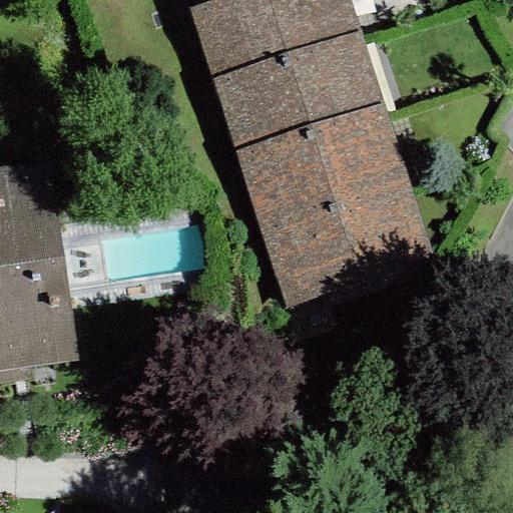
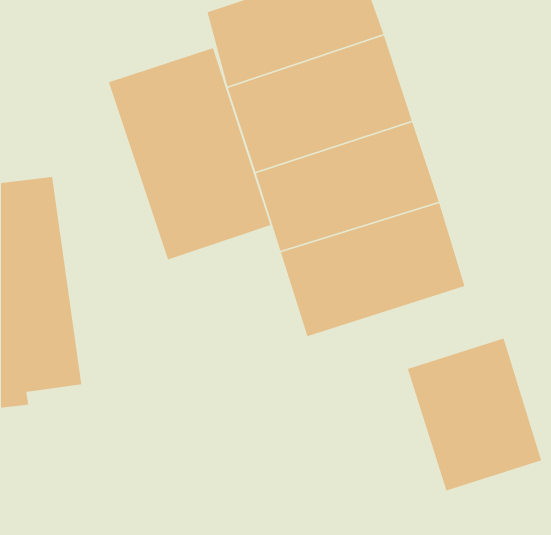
building: none -> [108,47,272,260]
building: none -> [407,337,542,491]

